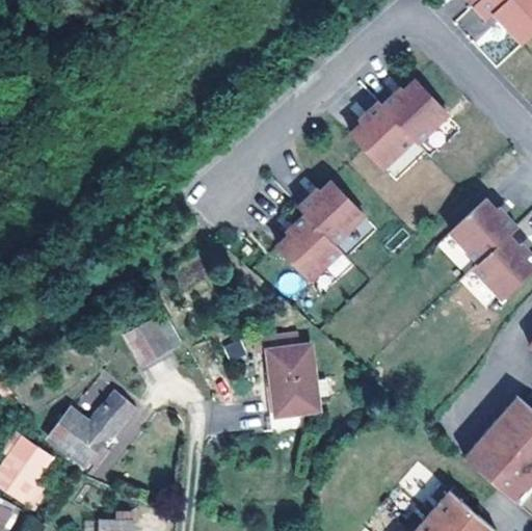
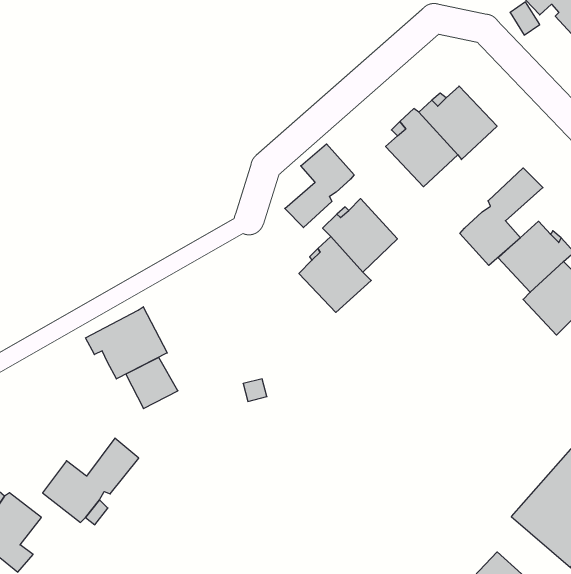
building: none -> [285,144,354,228]
building: none -> [460,168,543,265]
building: none -> [86,307,167,379]
building: [267,344,317,430] -> none

